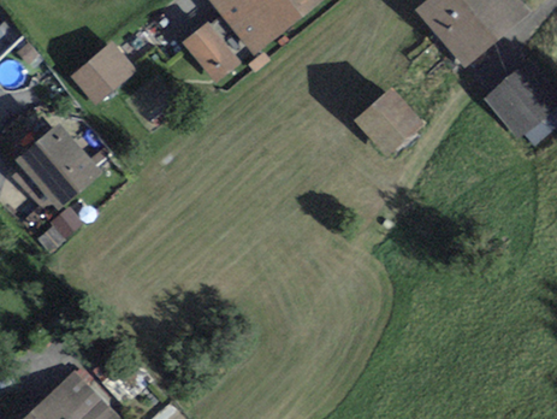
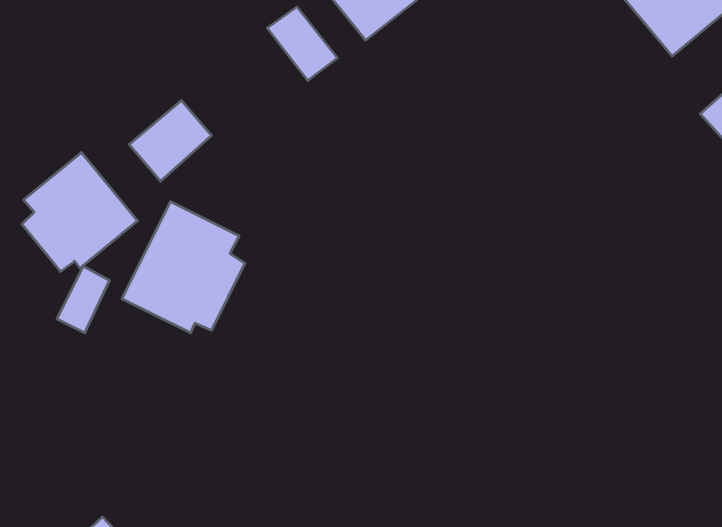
building: [75,45,131,100] -> [129,101,211,181]
building: [349,88,422,160] -> none
building: none -> [122,202,245,333]

